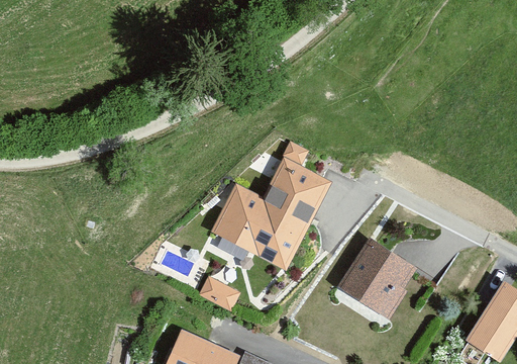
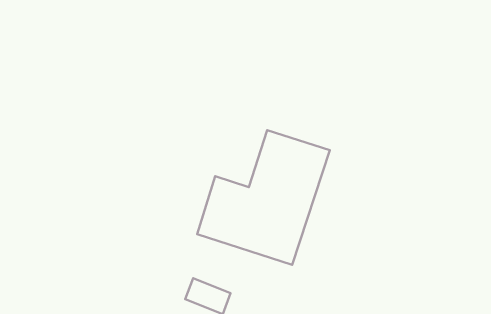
building: [342,239,418,316] -> none

